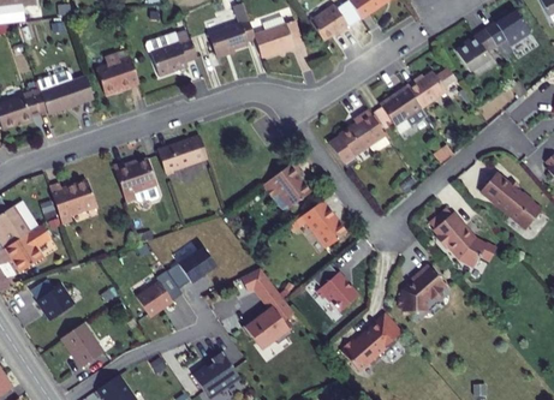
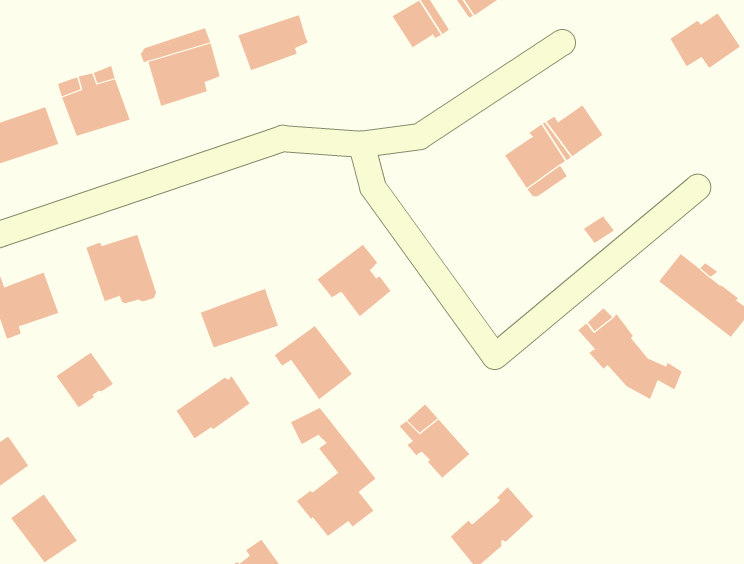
building: [254,18,303,56] -> none
building: [455,32,496,78] -> none
building: [338,111,391,159] -> none
building: [156,137,207,175] -> [200,288,279,348]
building: [293,202,344,250] -> [274,325,353,400]
building: [398,261,443,309] -> none
building: [138,281,175,317] -> [56,352,114,408]

